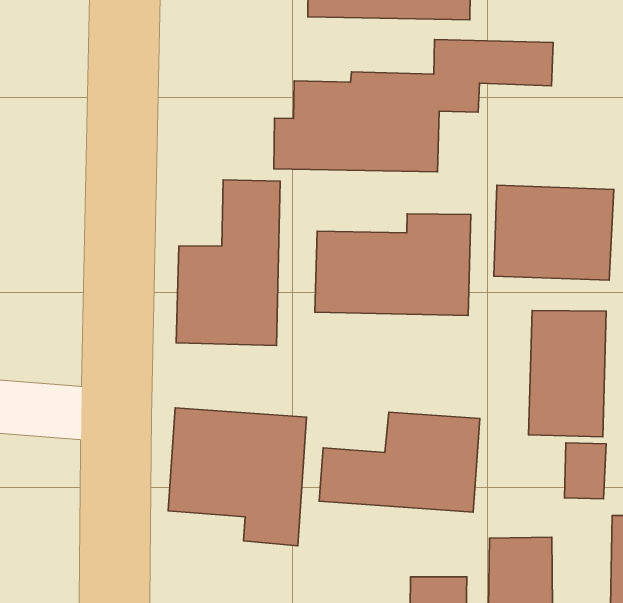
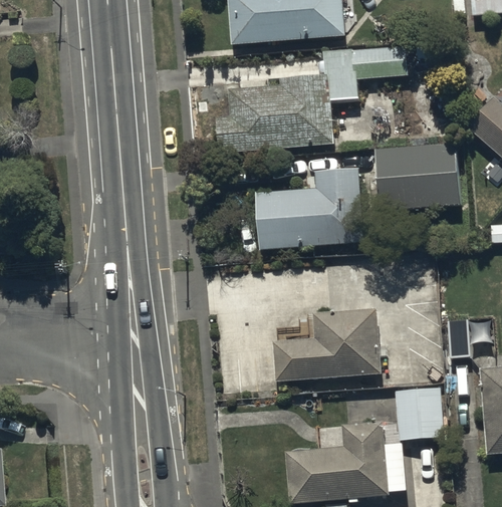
building: [176,180,280,346] -> none
building: [529,311,606,437] -> none
building: [168,408,307,546] -> none

